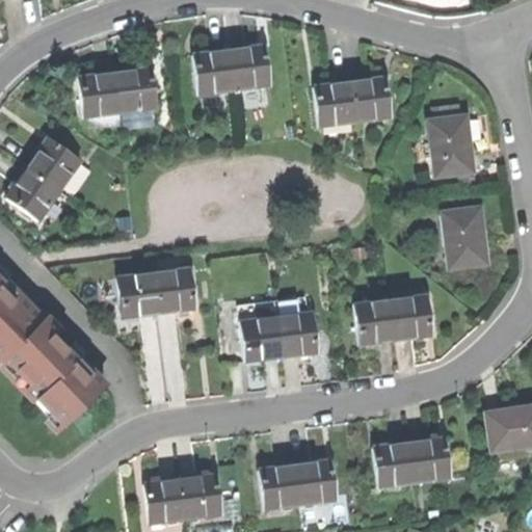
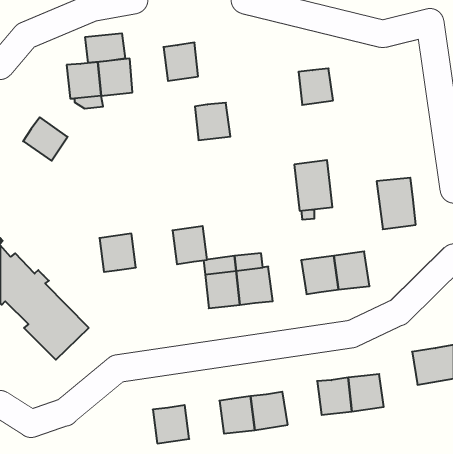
building: none -> [85,33,125,63]
building: [229,46,270,89] -> [195,103,230,140]
building: [312,84,354,127] -> none
building: [428,116,473,176] -> [294,160,332,211]
building: [5,165,61,220] -> none
building: [155,268,195,313] -> [172,226,207,264]
building: [143,479,185,523] -> none

